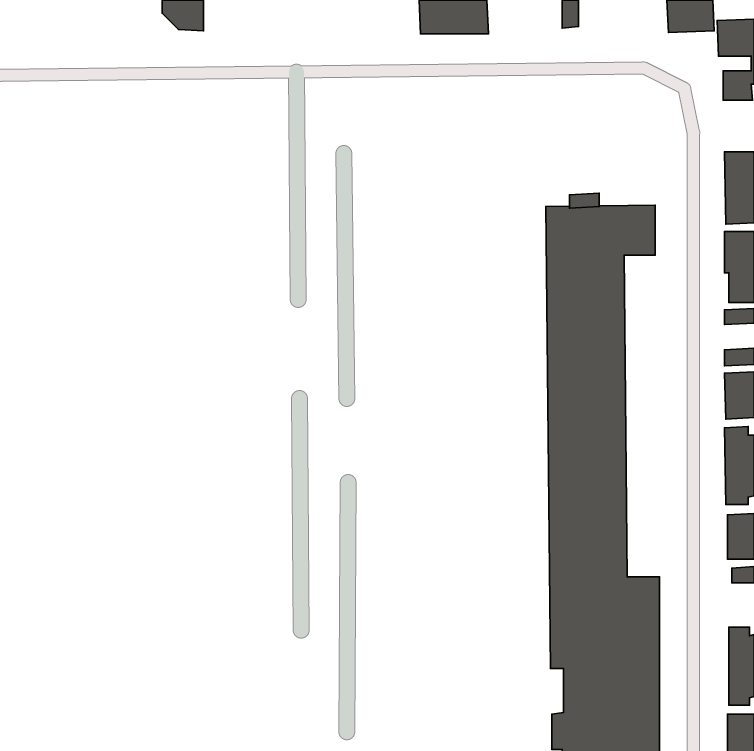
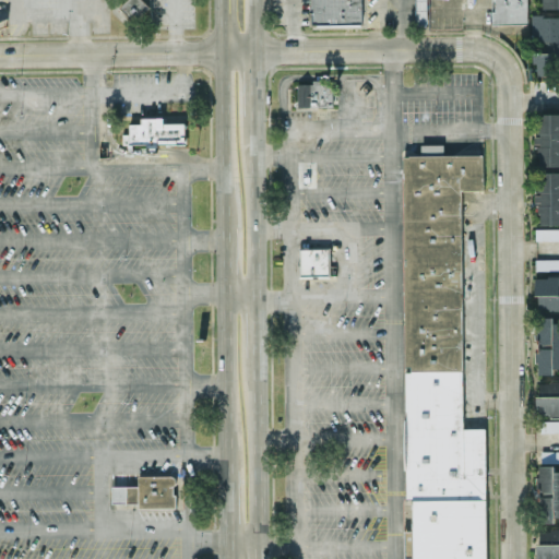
building: none -> [298,82,333,109]
building: none -> [122,119,186,150]
building: none -> [300,247,330,277]
building: none -> [112,475,177,508]

